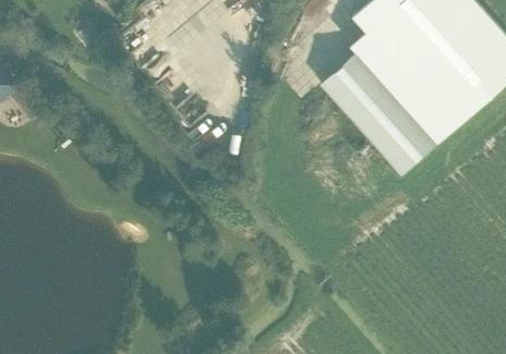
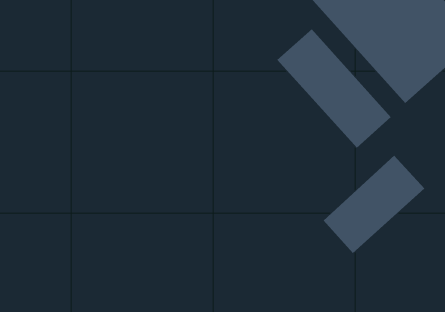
building: none -> [323,155,425,254]

